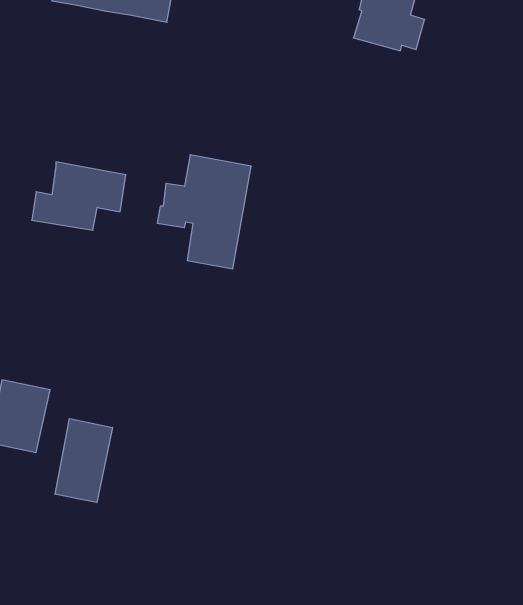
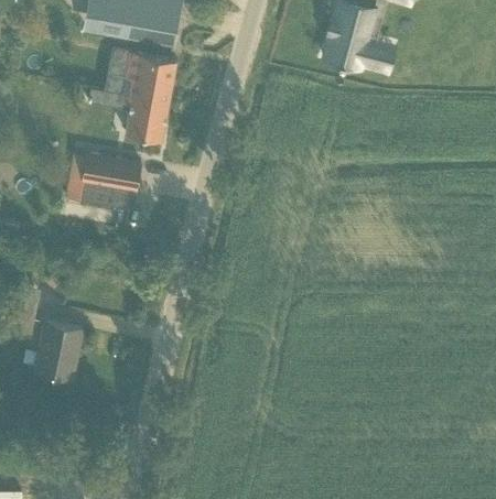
building: [157,155,251,269] -> [104,52,176,140]
building: [55,419,112,503] -> none

